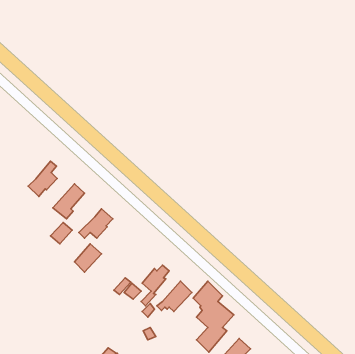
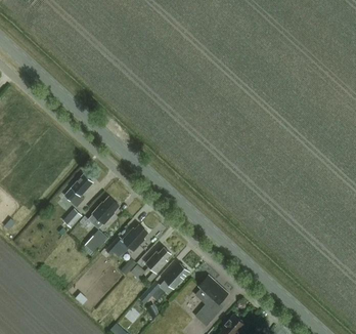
building: [28,161,57,196] -> none
building: none -> [107,223,148,256]

